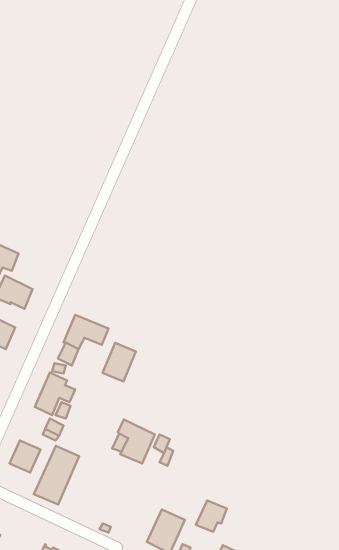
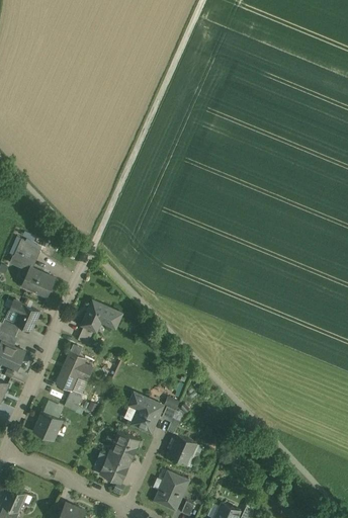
building: [103,343,136,382] -> none
building: [34,446,79,505] -> [98,431,138,483]
building: [196,501,227,532] -> [167,435,194,462]

